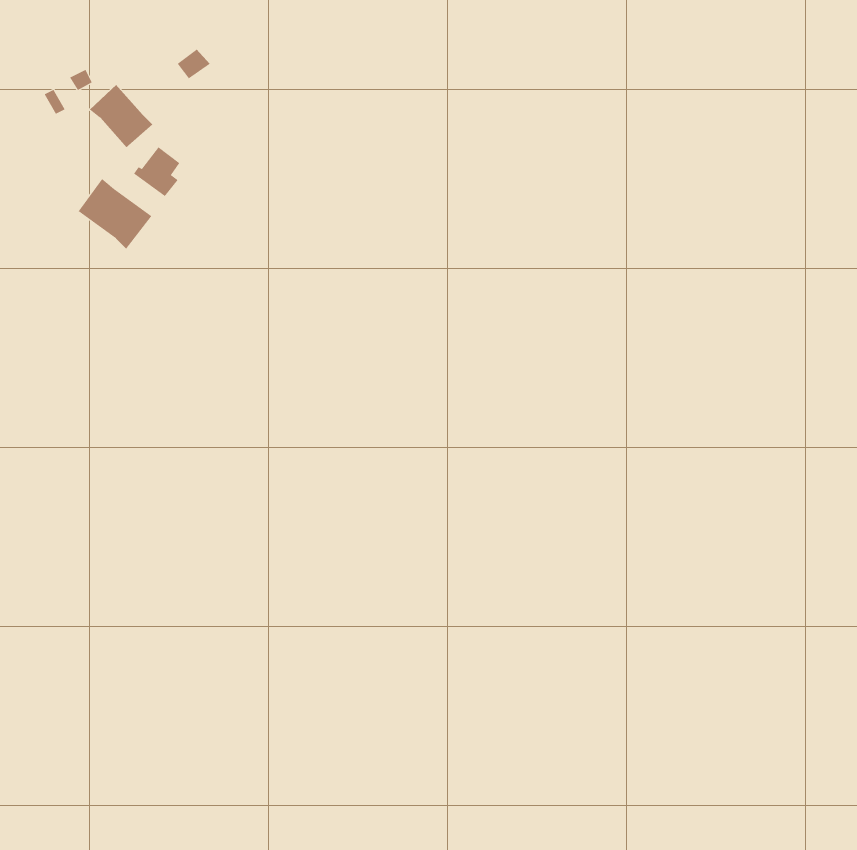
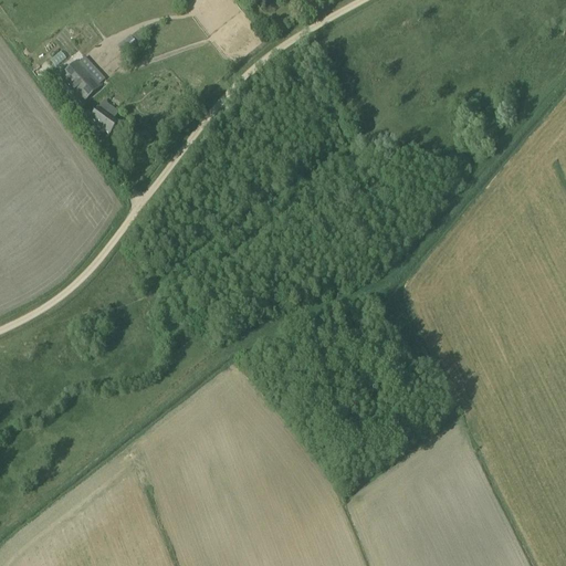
building: [78,178,152,249] -> none

